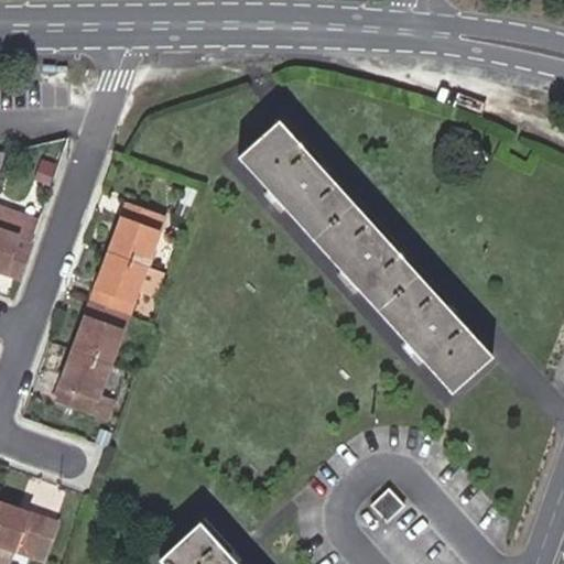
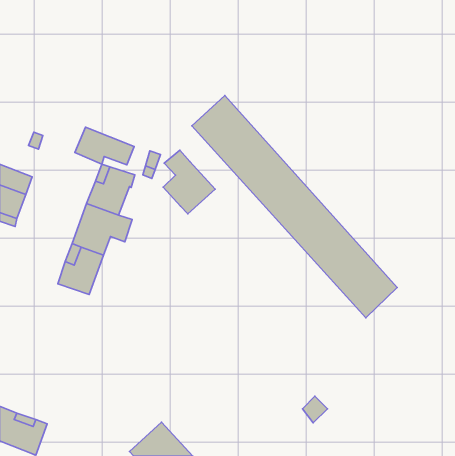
building: none -> [75,127,134,165]
building: none -> [163,150,215,214]
building: [53,350,113,421] -> none

